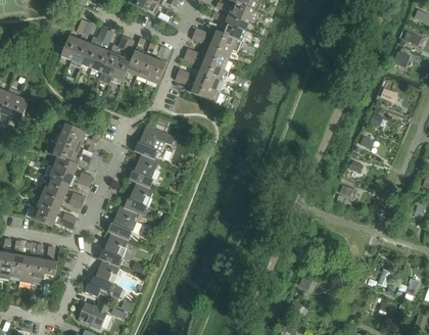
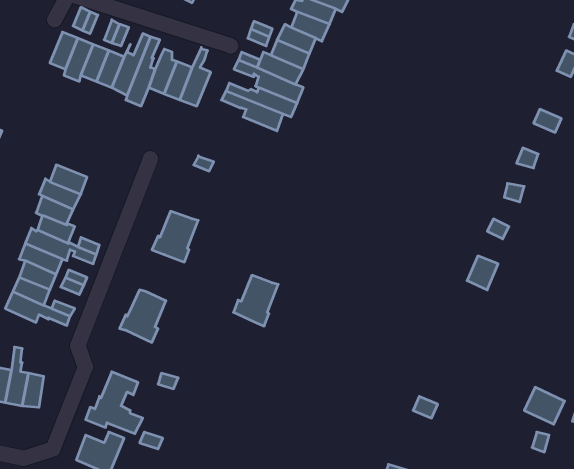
building: [133,125,175,158] -> none
building: [124,182,153,216] -> [233,275,278,326]
building: [98,232,128,267] -> none

